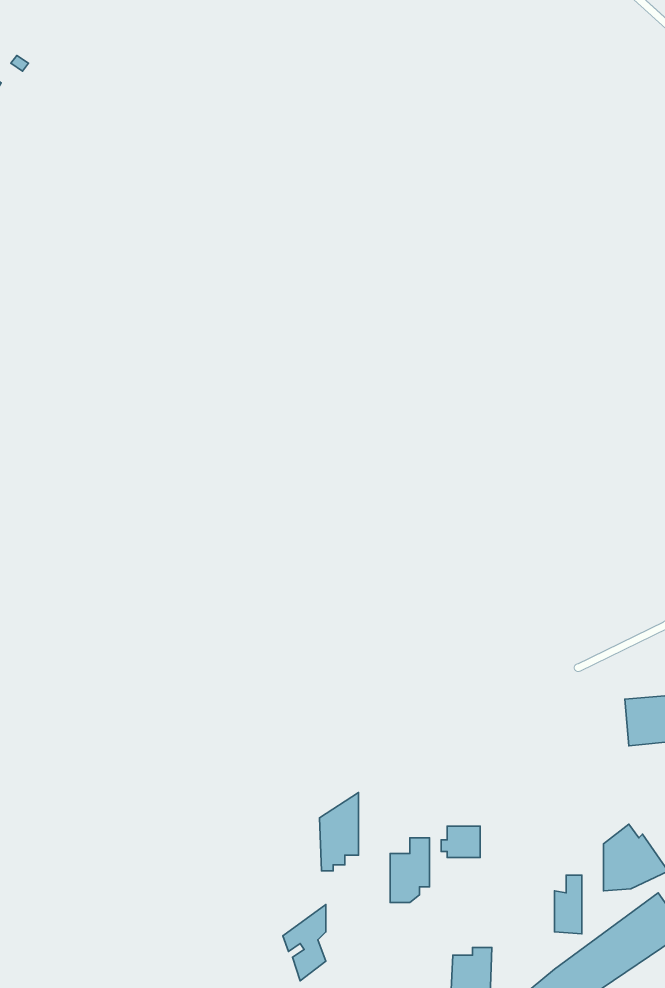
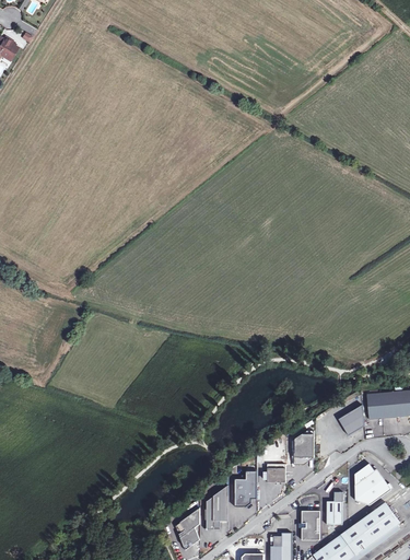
building: none -> [339,405,365,435]
building: none -> [292,430,315,467]
building: [320,792,359,871] -> [207,486,229,529]
building: none -> [302,510,320,539]

